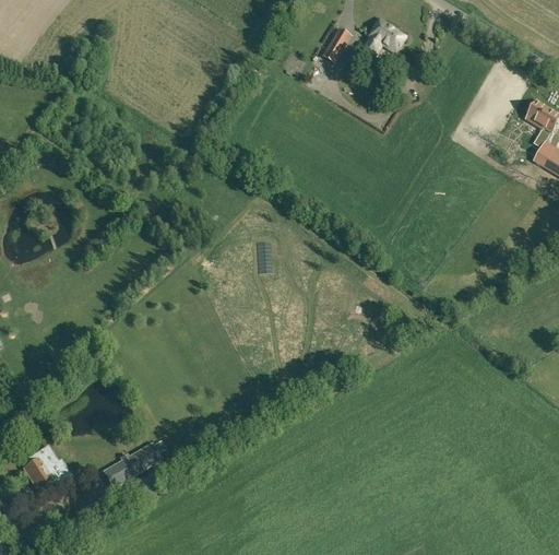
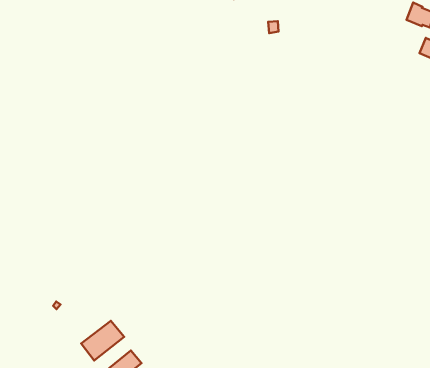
building: none -> [81,321,124,360]

